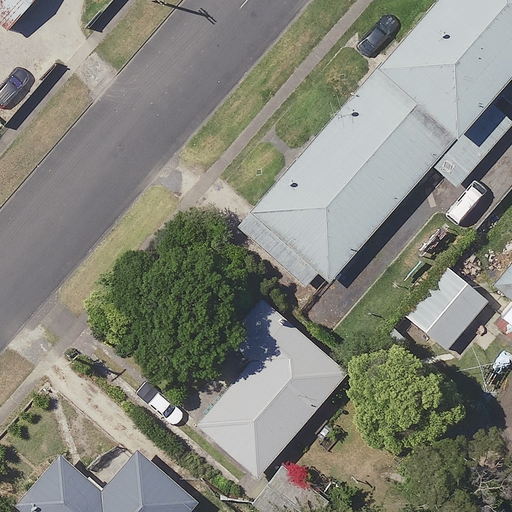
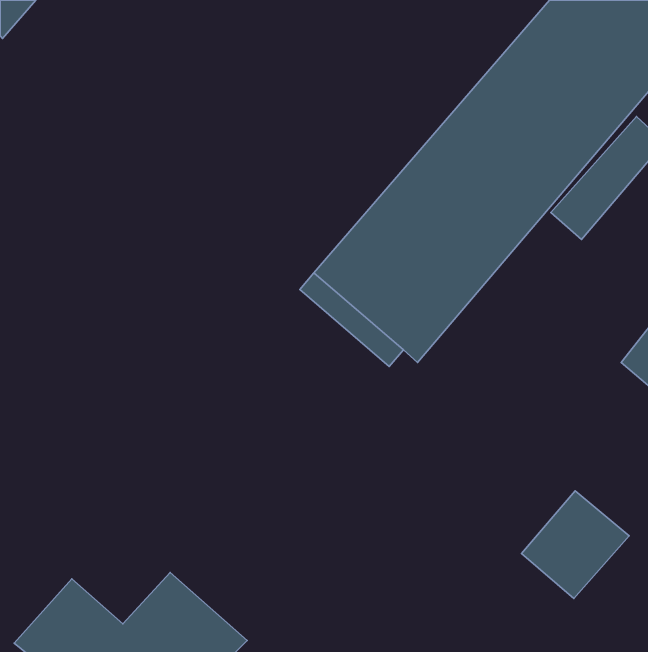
building: [407,267,491,351] -> [521,491,629,598]
building: [195,297,349,479] -> none

